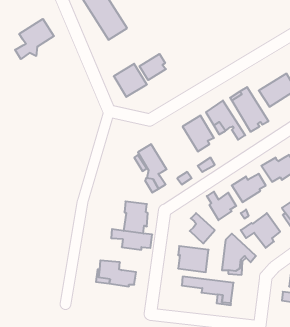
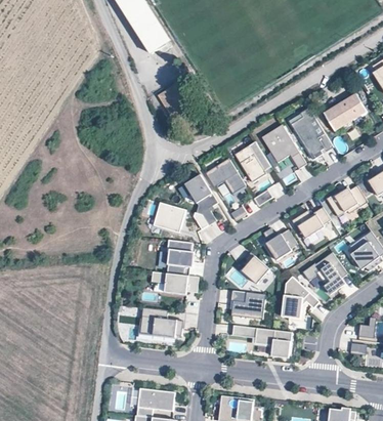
building: [15,19,54,59] -> none
building: [140,54,166,80] -> none
building: none -> [204,157,245,193]
building: none -> [155,203,185,231]

